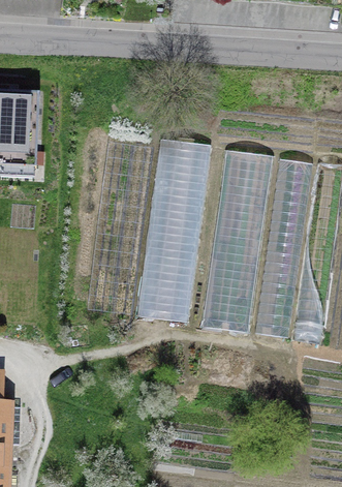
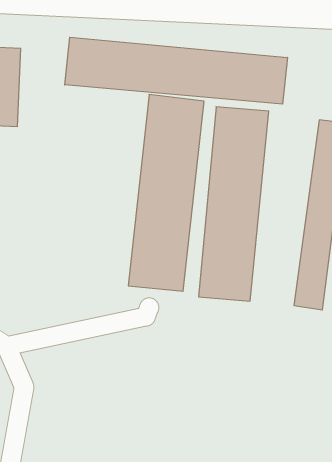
building: none -> [65,37,287,104]
building: [257,157,313,338] -> none

